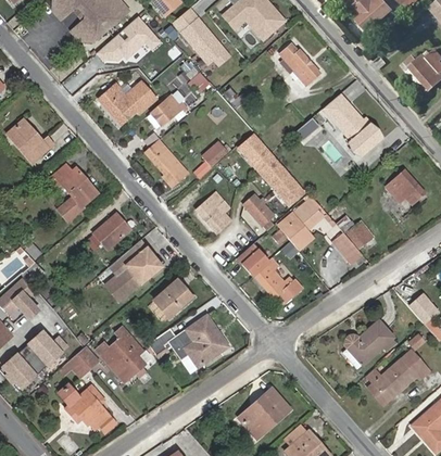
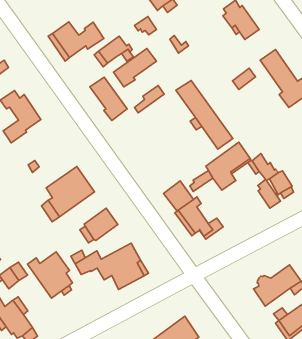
building: none -> [114,49,156,87]
building: [197,192,230,232] -> none
building: [244,194,275,228] -> none
building: [93,213,130,249] -> none

